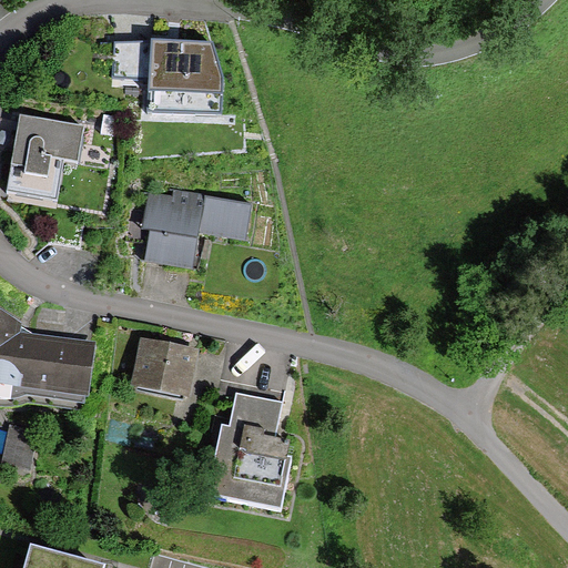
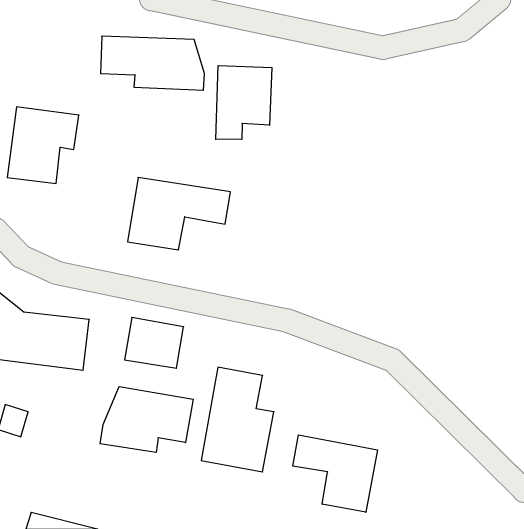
building: none -> [216,66,272,139]
building: none -> [100,387,193,452]
building: none -> [293,435,377,512]

